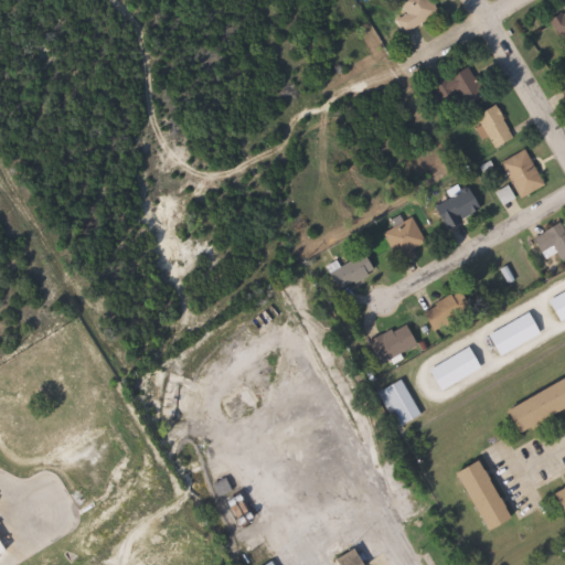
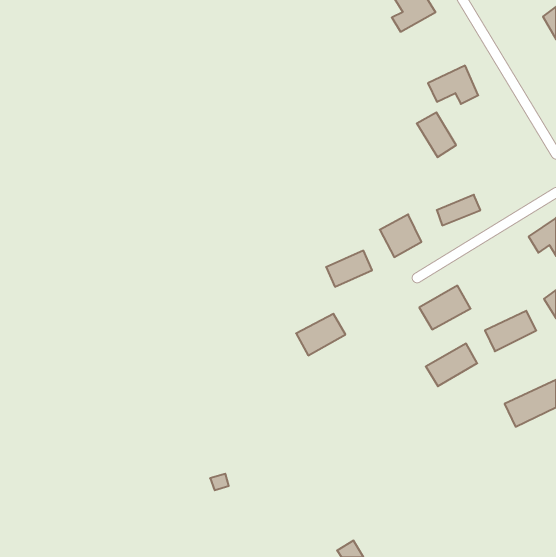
building: [475,103,514,148] -> [417,112,456,157]
building: [501,148,545,198] -> none
building: [367,322,417,364] -> [296,314,345,355]
building: [377,379,422,427] -> none
building: [463,458,513,529] -> none

